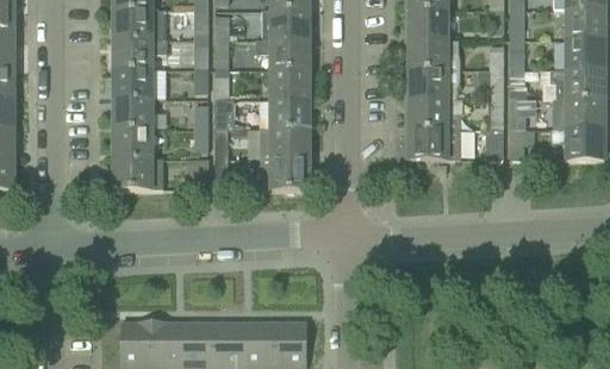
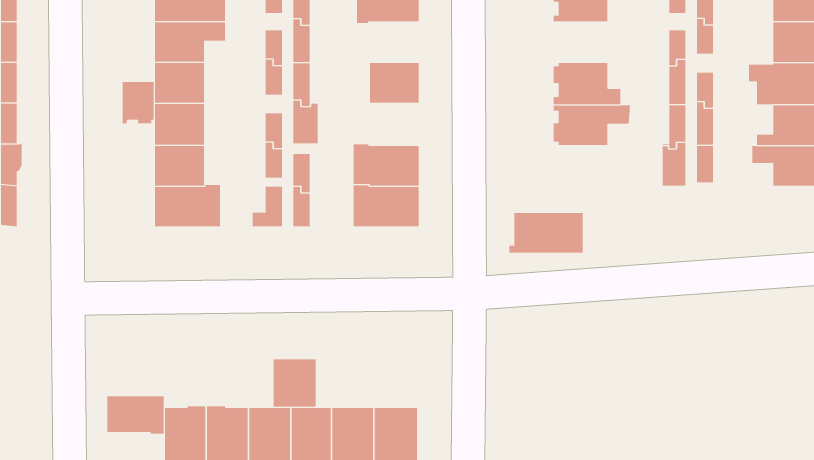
building: [255,39,307,69] -> none
building: [405,39,458,69] -> none
building: none -> [122,81,154,124]
building: [270,99,307,130] -> none
building: [405,130,460,160] -> [509,213,583,253]
building: none -> [273,358,316,408]
building: none -> [107,396,164,434]

